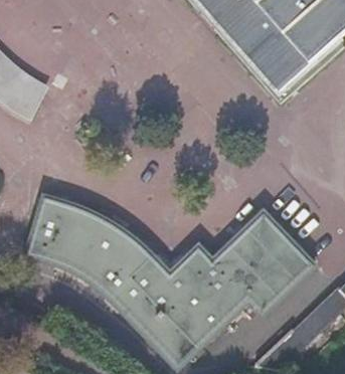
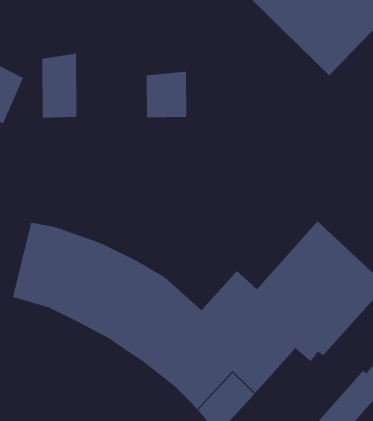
building: none -> [42,53,77,119]
building: none -> [146,71,187,118]

